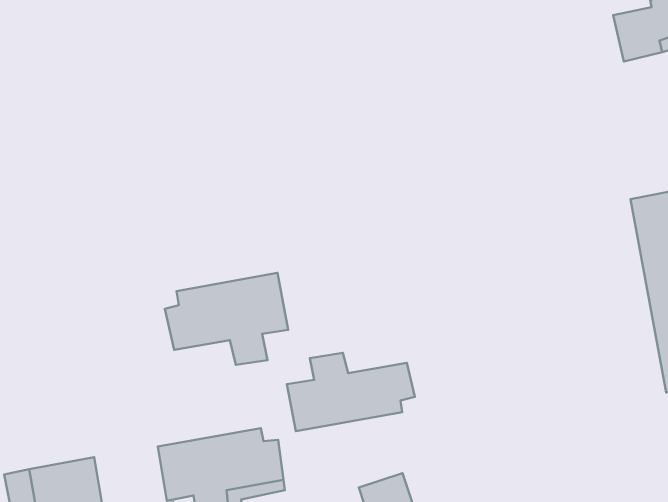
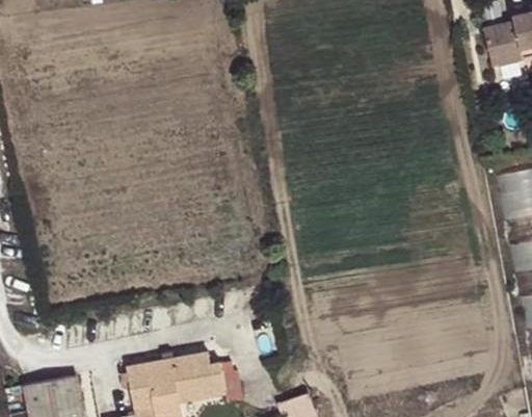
building: [165,273,288,365] -> none
building: [287,353,415,431] -> none

